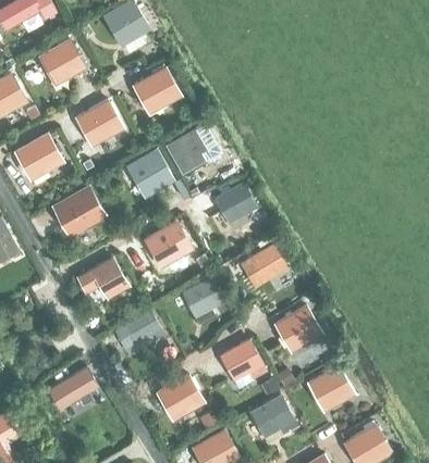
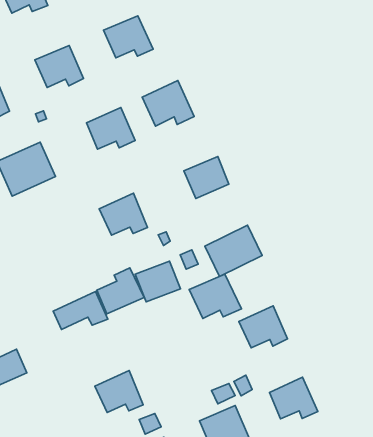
building: [76,264,118,297] -> none
building: none -> [97,268,144,314]
building: [220,342,267,383] -> [189,274,242,319]

